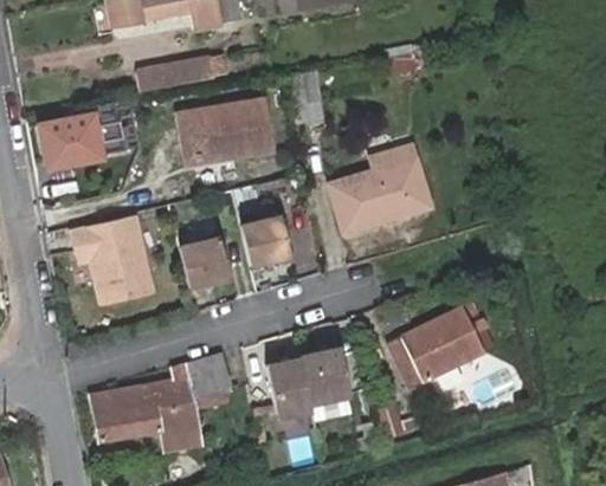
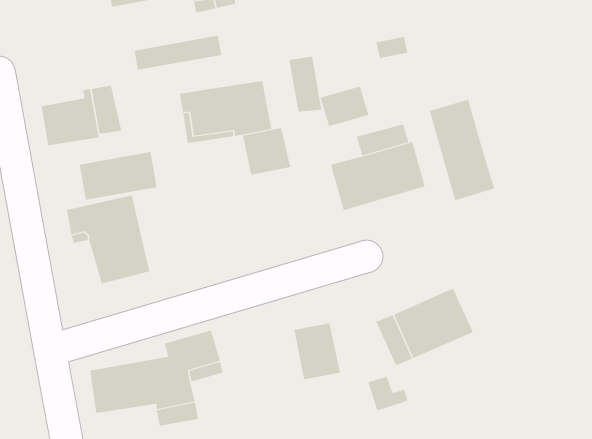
building: none -> [320,86,369,127]
building: none -> [429,99,495,201]
building: none -> [79,151,157,201]
building: [244,218,294,266] -> [242,128,291,175]
building: [181,239,231,289] -> none
building: [262,357,311,420] -> none

